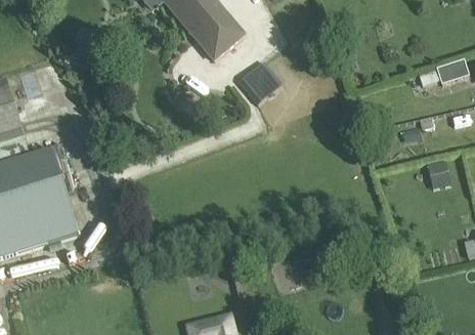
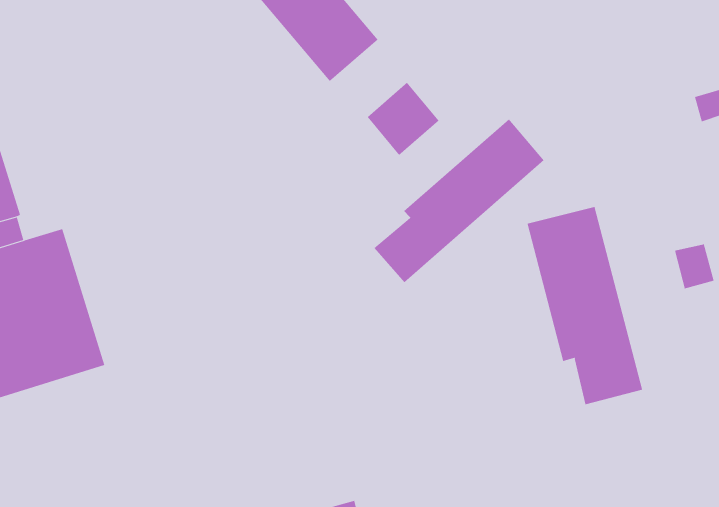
building: none -> [373,119,545,283]
building: none -> [527,206,643,405]

